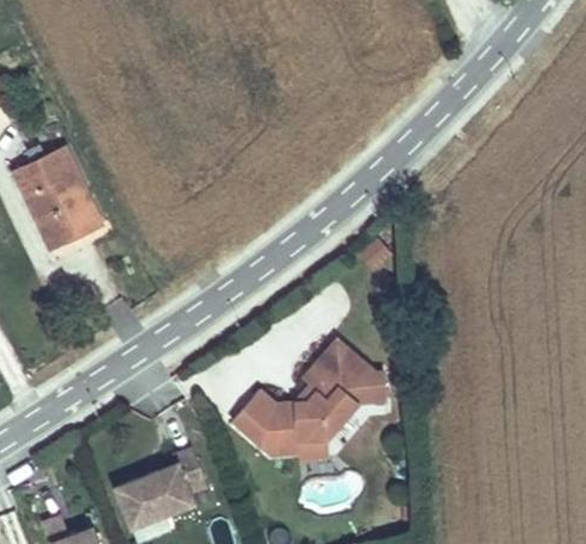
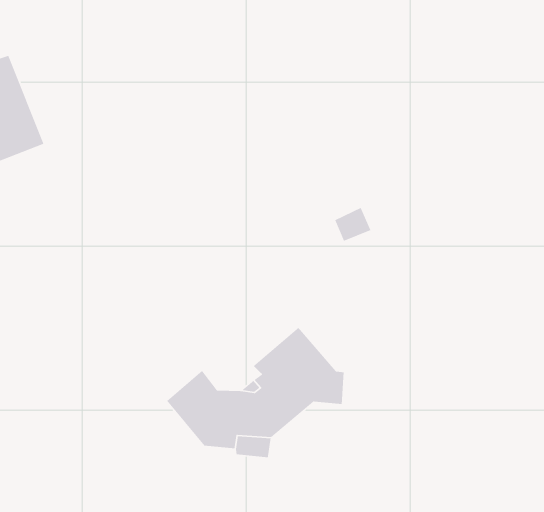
building: [117,450,208,529] -> none

